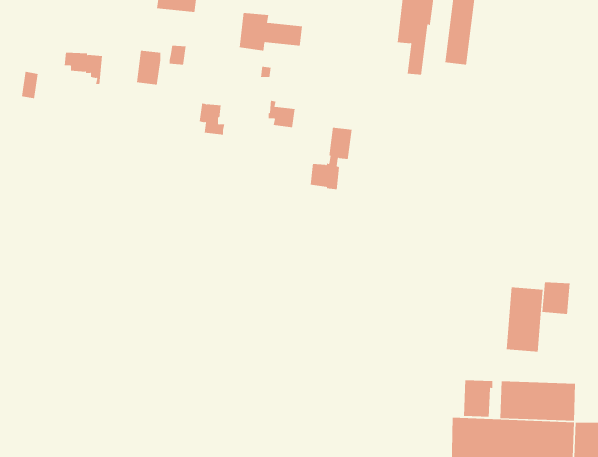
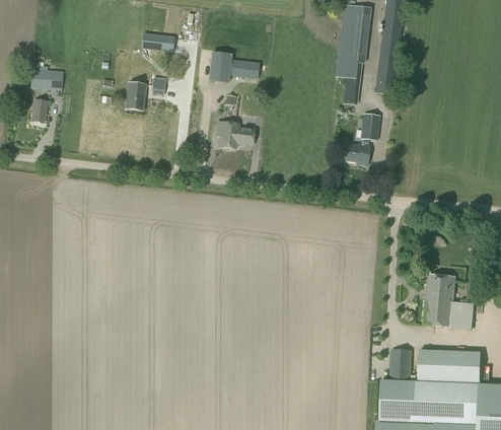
building: [64,52,103,85] -> [30,69,62,95]
building: [199,103,225,135] -> [215,121,236,147]
building: [310,127,352,190] -> [345,114,379,164]
building: [542,282,570,315] -> [450,302,474,329]

